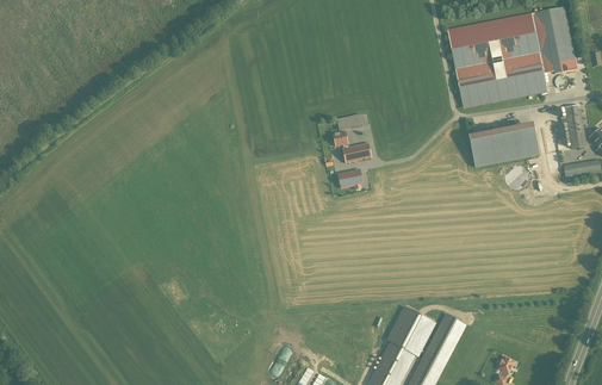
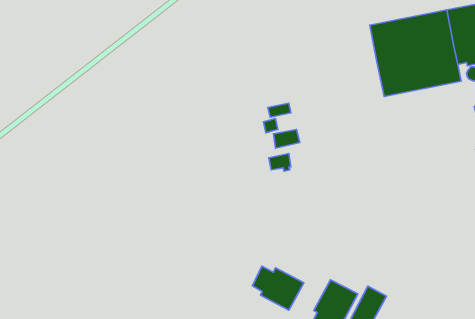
building: [467,123,538,167] -> none
building: none -> [252,266,304,310]

